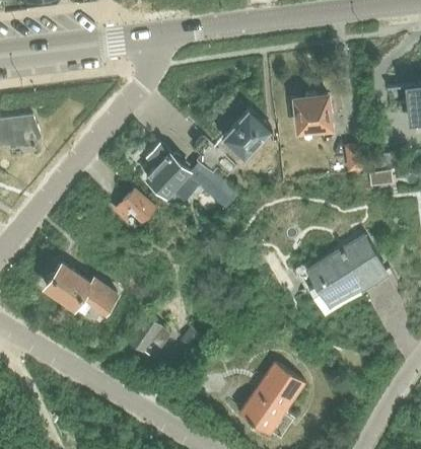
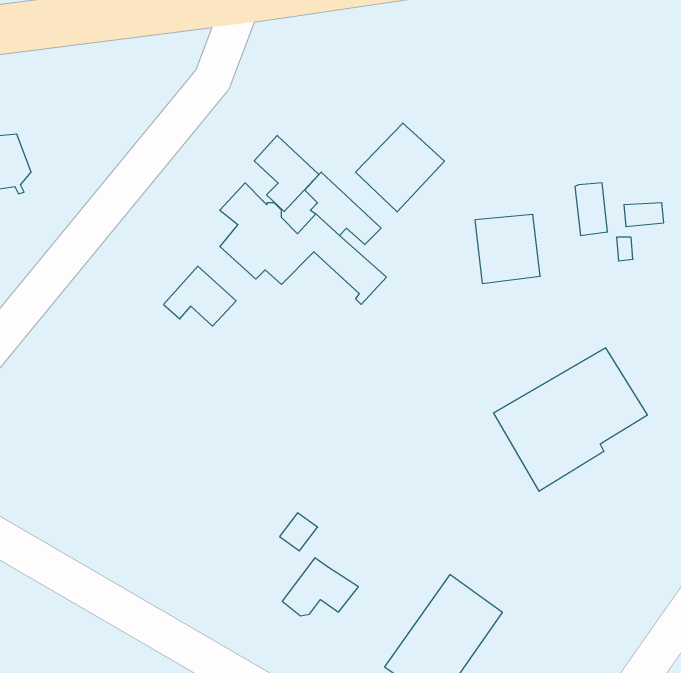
building: [294,96,331,135] -> [475,215,540,283]
building: none -> [254,135,319,212]
building: [46,265,120,315] -> none
building: [129,317,171,350] -> [282,558,358,616]

